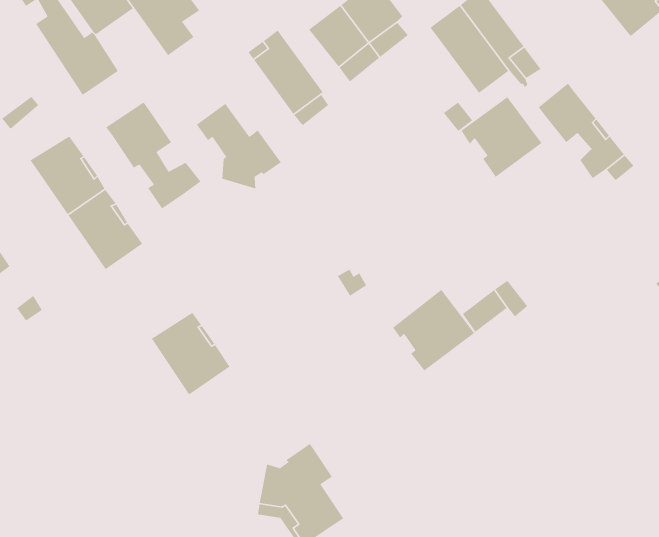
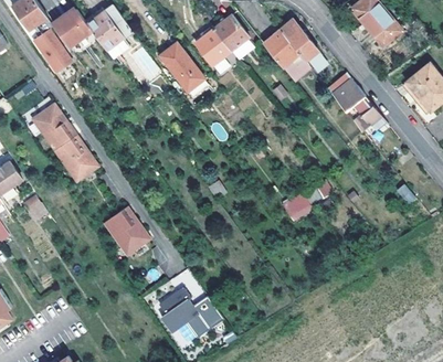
building: [460,96,542,178] -> none
building: [105,101,201,210] -> none
building: [196,103,282,190] -> none
building: [392,289,475,372] -> none

